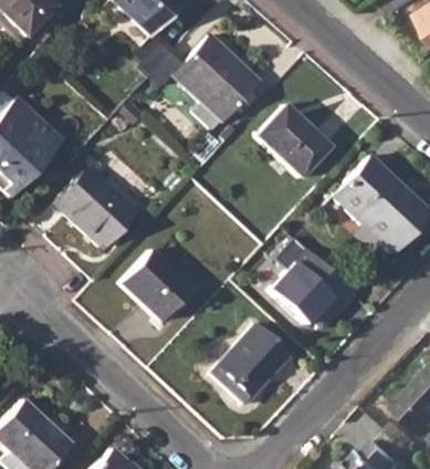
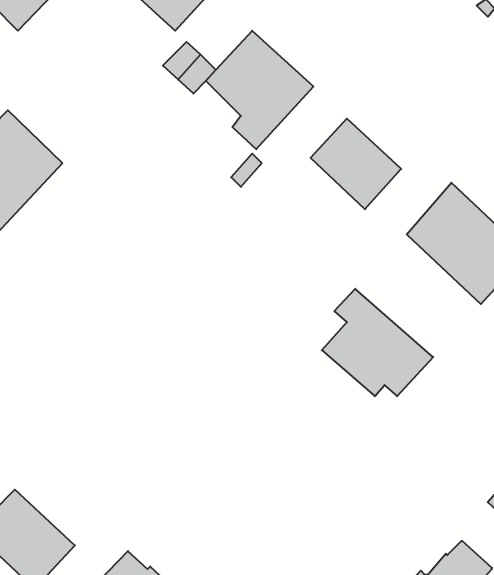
building: [53,167,136,248] -> none
building: [120,249,191,320] -> none
building: [211,323,290,403] -> none

